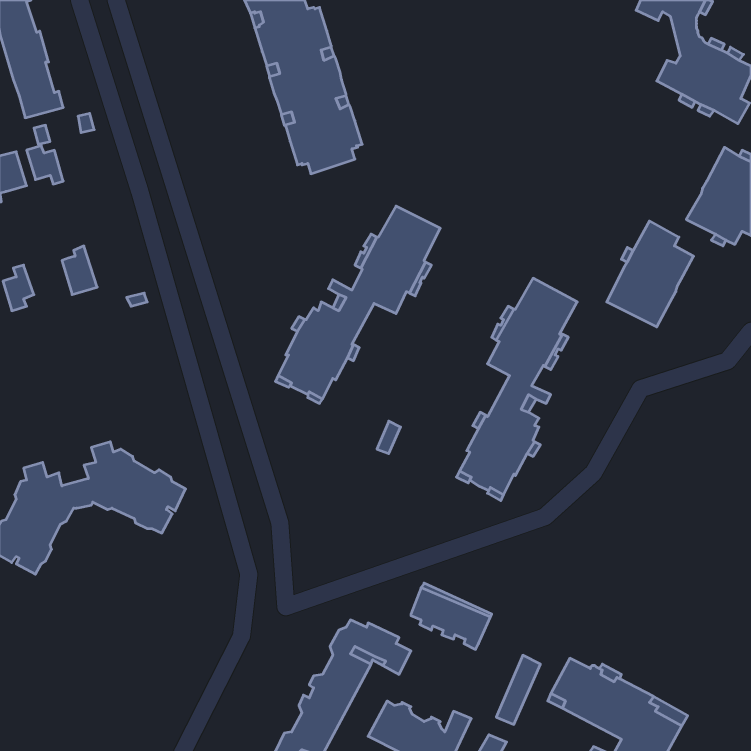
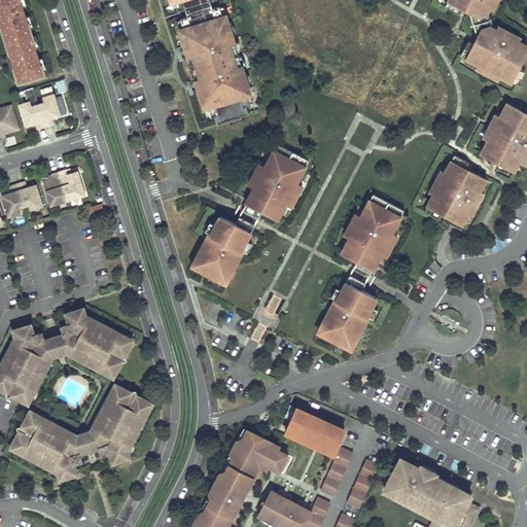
building: none -> [38,95,60,128]
building: none -> [59,171,83,202]
building: none -> [16,184,42,211]
building: none -> [10,386,149,479]
building: none -> [320,448,351,496]

